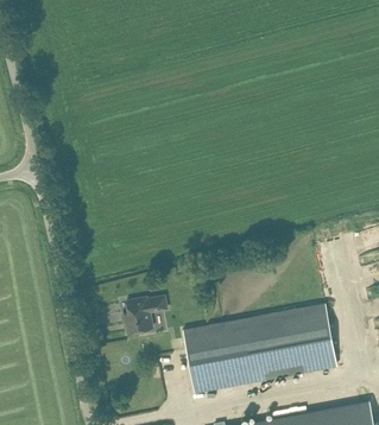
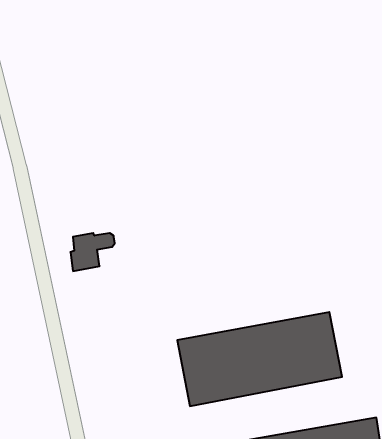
building: [125,297,166,332] -> [70,233,115,271]

